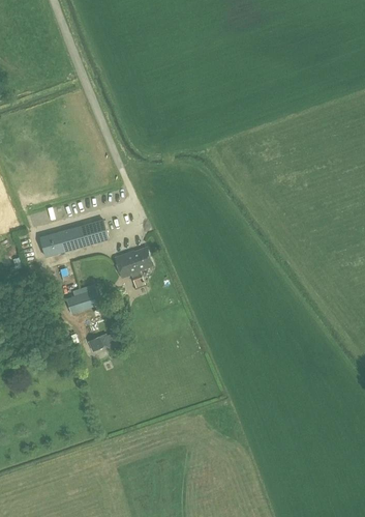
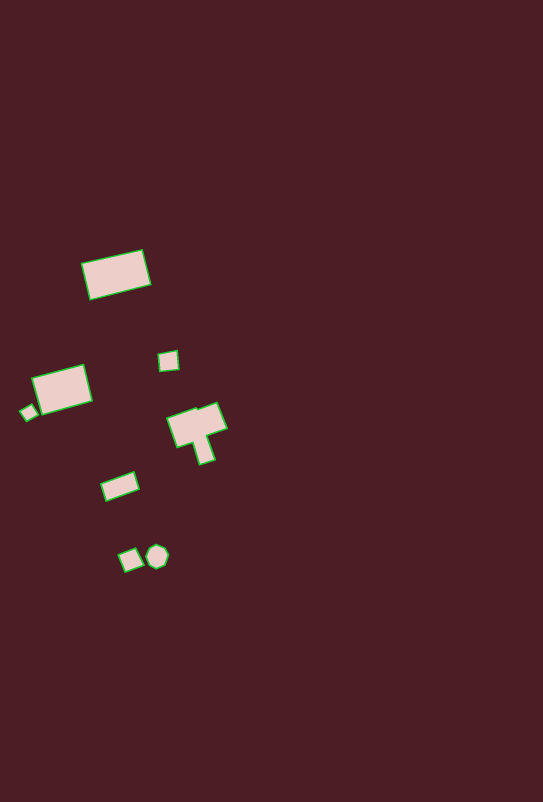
building: [66,220,108,250] -> [82,250,151,300]

